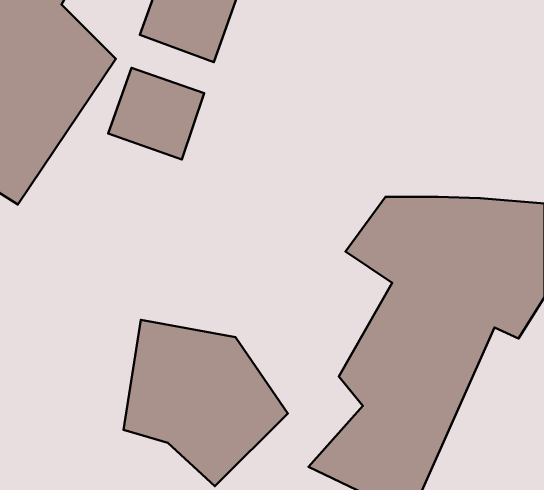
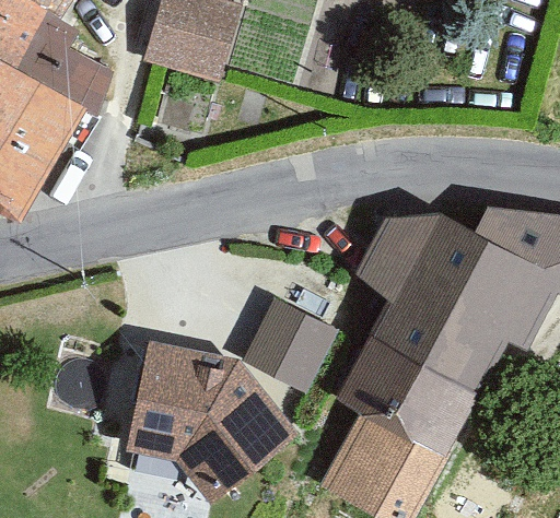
building: [108,68,204,160] -> none
building: none -> [236,287,332,382]

